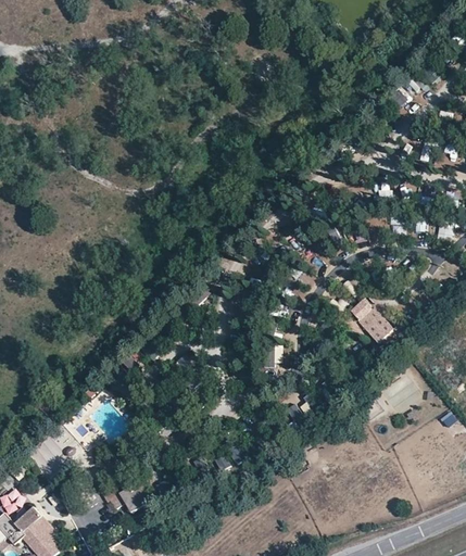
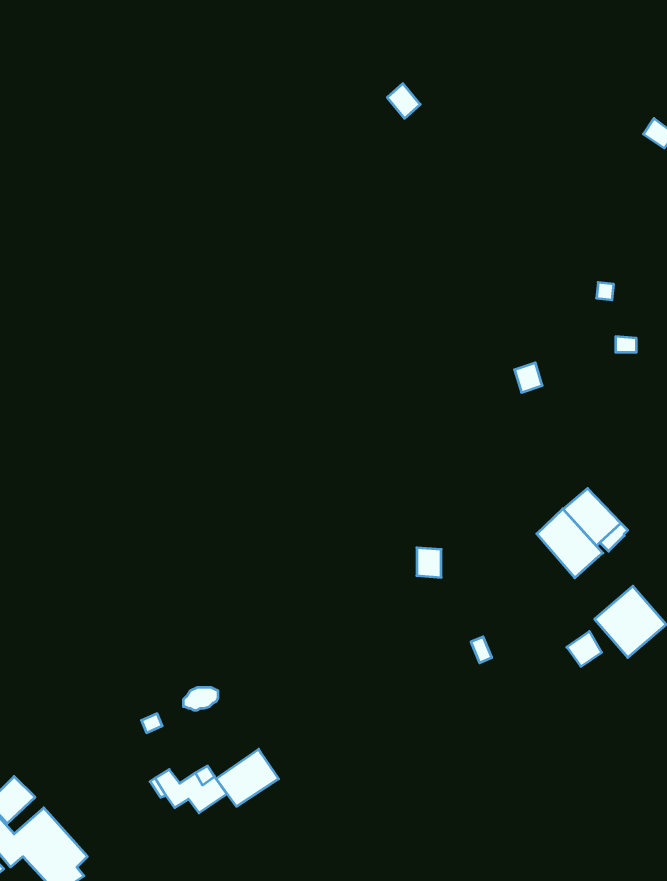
building: none -> [537,509,603,578]
building: none -> [216,749,279,806]

